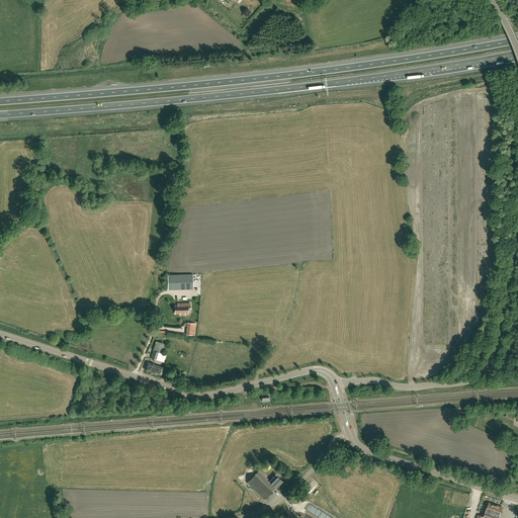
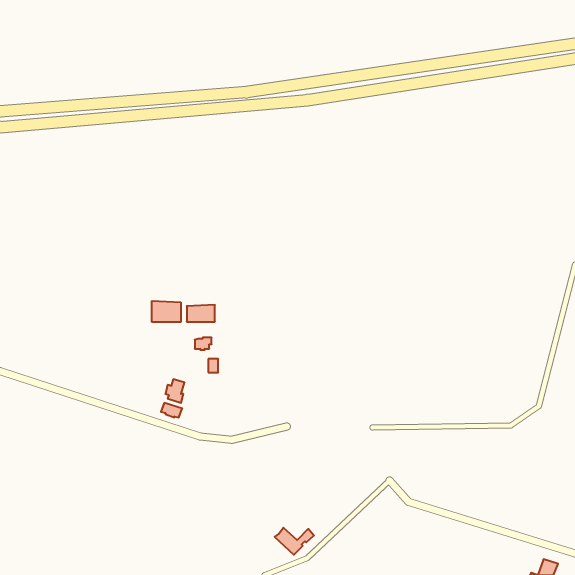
building: none -> [152,301,181,322]

